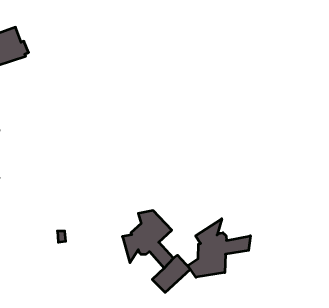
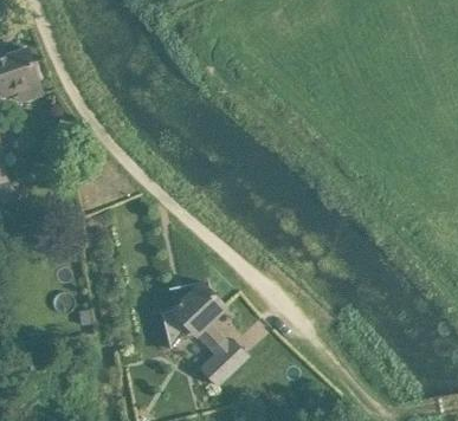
building: [188,219,250,277] -> none

